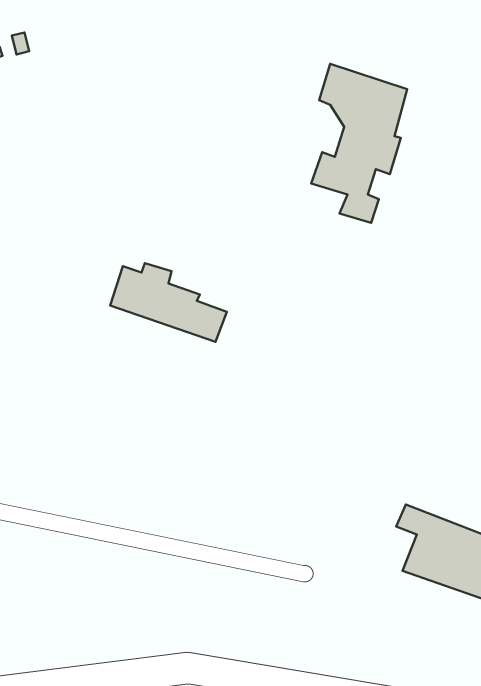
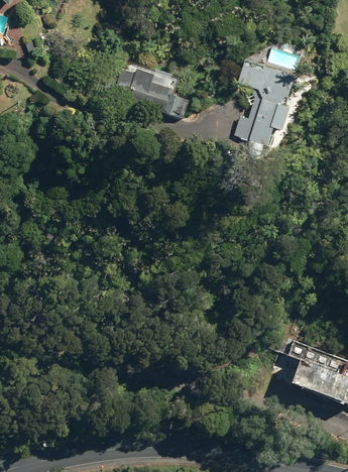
building: [110,263,227,342] -> [114,66,189,116]

